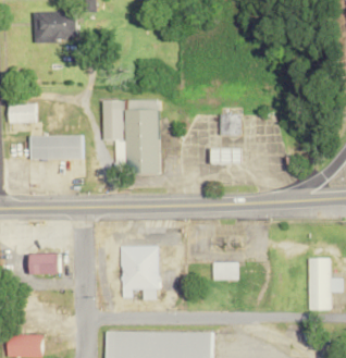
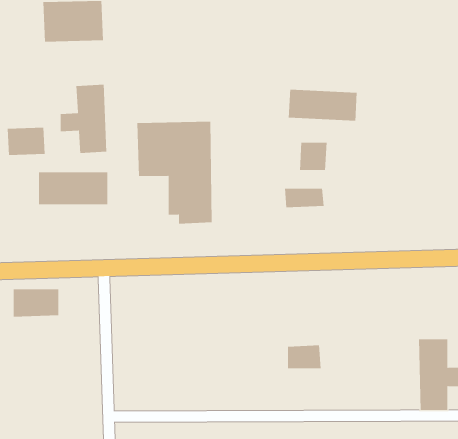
building: none -> [60,84,107,154]
building: none -> [288,89,357,122]
building: [121,245,158,299] -> none
building: [26,252,60,273] -> [13,289,59,317]

